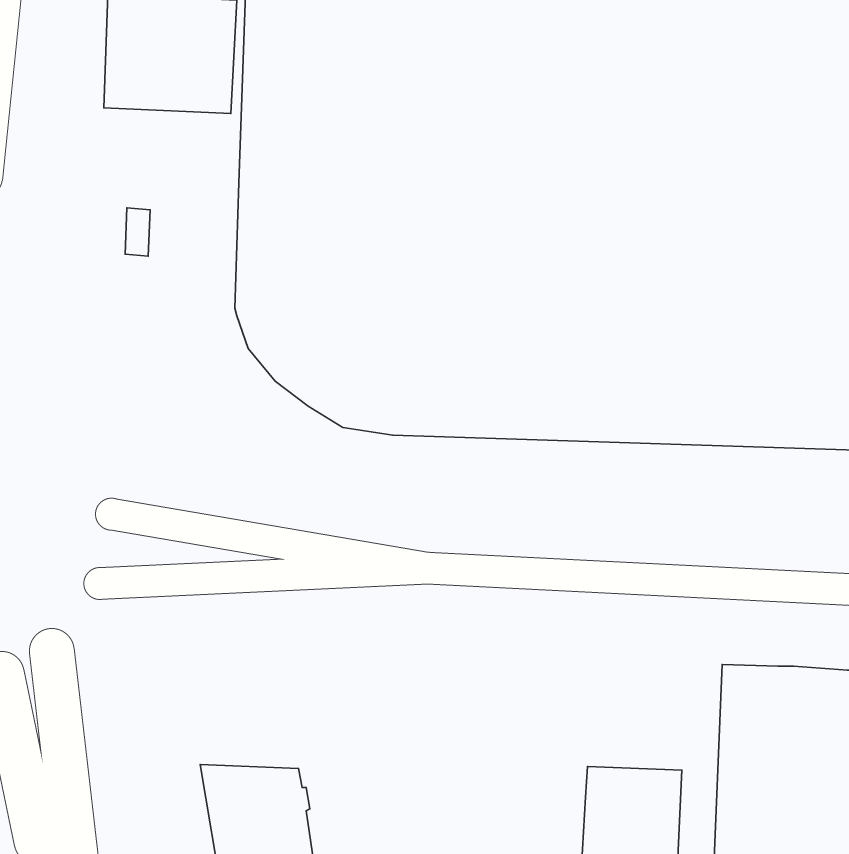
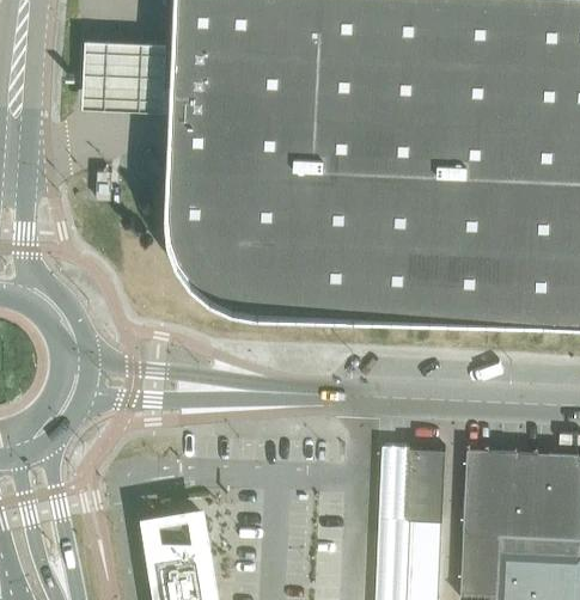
building: none -> [380,445,445,519]

